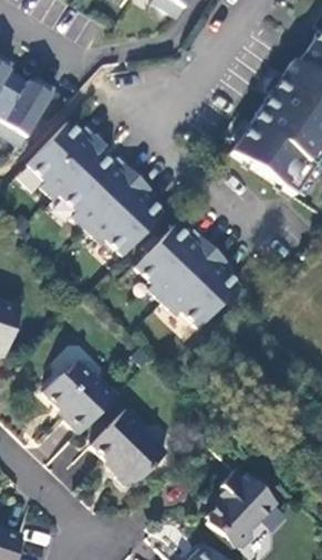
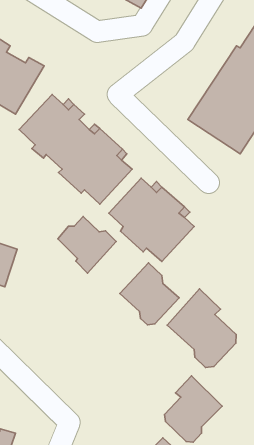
building: none -> [167,289,236,368]
building: [41,364,113,434] -> [58,216,116,273]
building: [90,408,163,484] -> [120,263,179,325]

